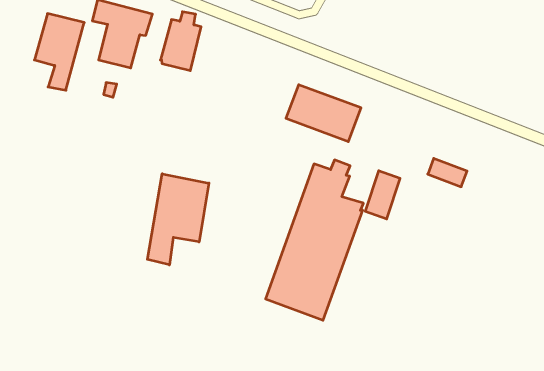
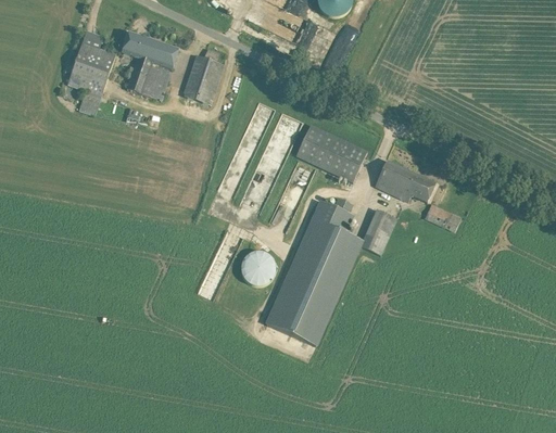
building: none -> [375,161,435,203]
building: [147,174,209,265] -> none
building: none -> [241,251,276,285]

